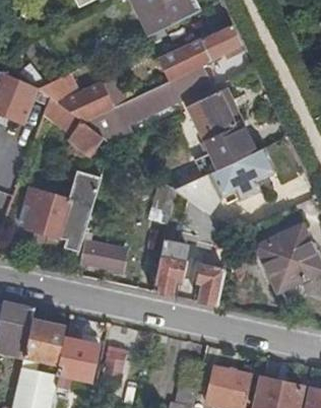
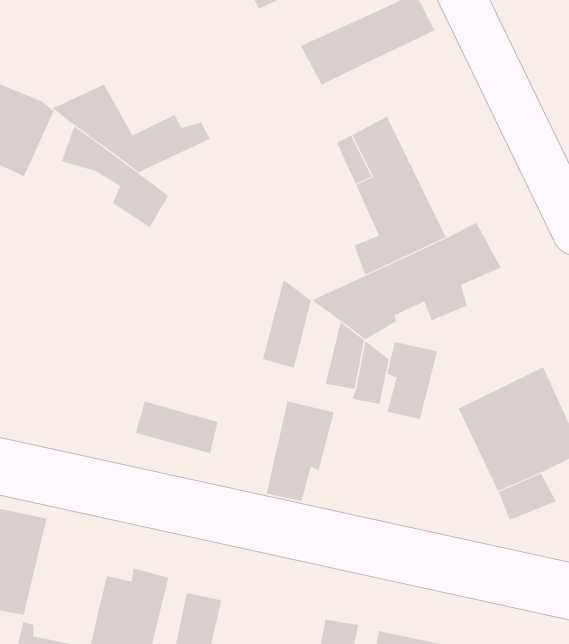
building: [84,66,205,142] -> none
building: [24,169,102,251] -> none
building: [196,265,223,307] -> [386,342,438,419]
building: [23,318,63,362] -> none

